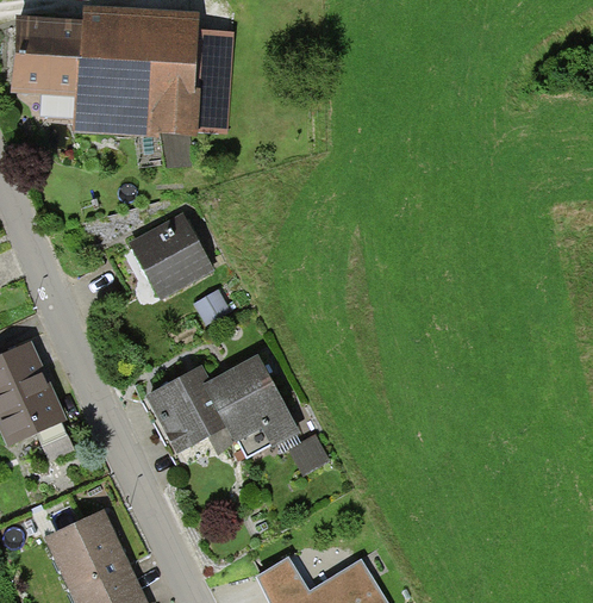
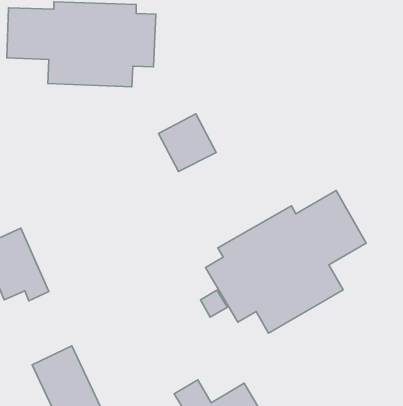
building: [132,212,216,296] -> [159,114,216,171]
building: none -> [206,191,366,333]
building: [137,359,293,461] -> none

